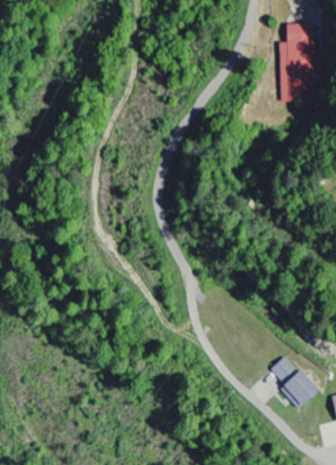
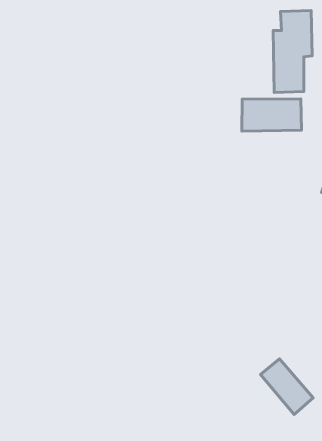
building: none -> [242,99,301,131]

